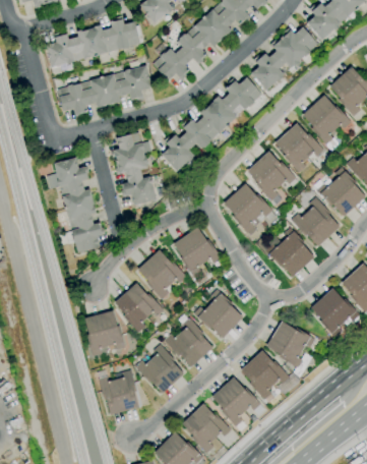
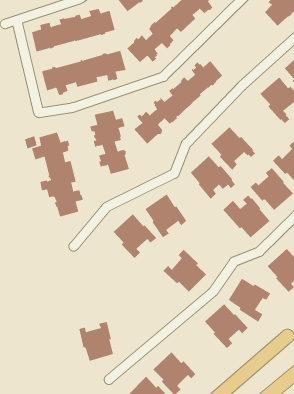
building: [250,27,317,91] -> none
building: [274,123,323,173] -> none
building: [115,283,164,333] -> none
building: [84,310,125,356] -> none
building: [164,314,213,367] -> none
building: [135,344,184,394] -> none
building: [211,378,260,426] -> none

